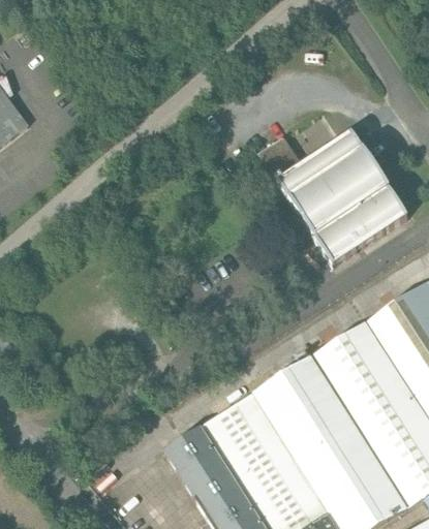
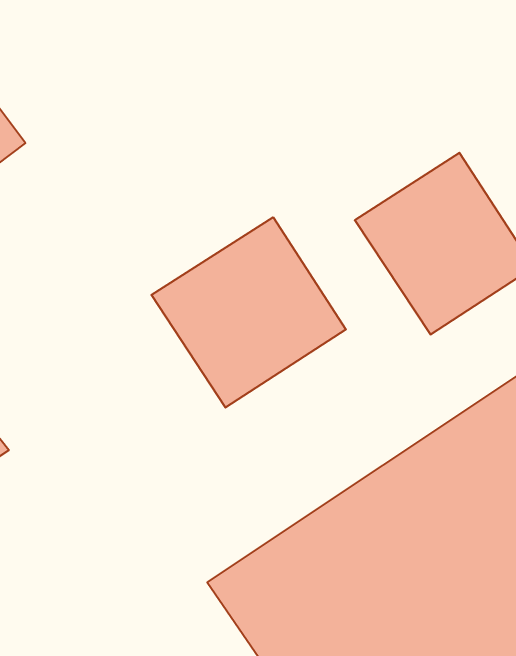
building: none -> [151,217,346,408]

